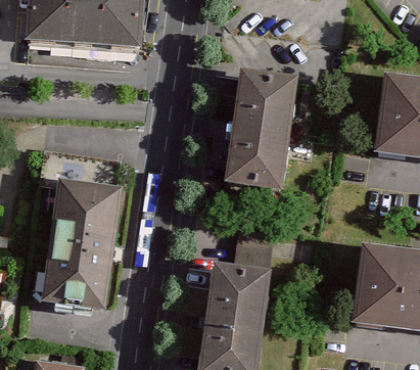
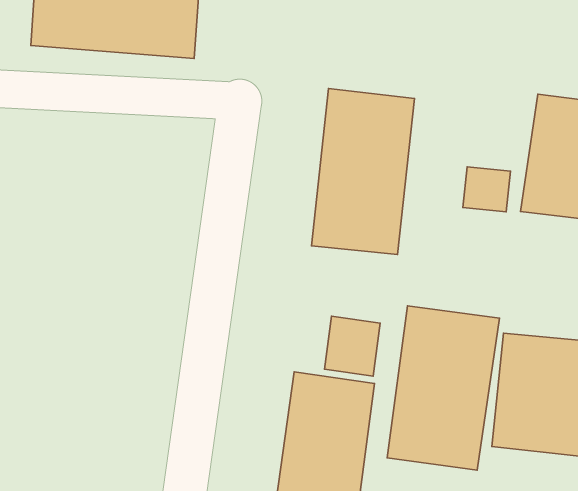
building: none -> [463,167,510,212]
building: [39,186,125,318] -> none
building: none -> [387,306,499,470]

